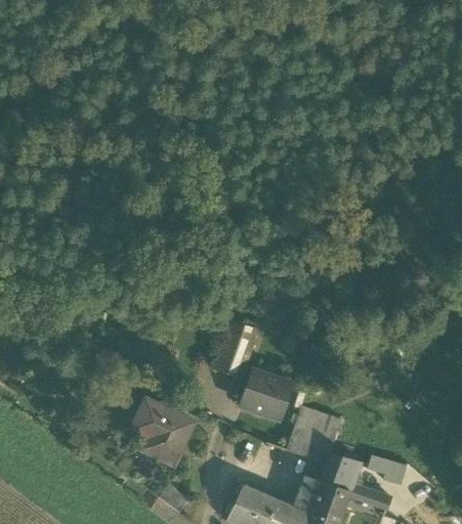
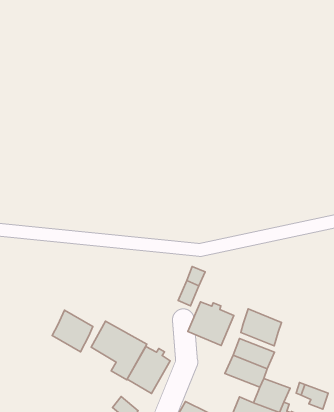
building: none -> [241,309,282,346]
building: none -> [52,310,93,352]
building: none -> [127,346,170,394]

